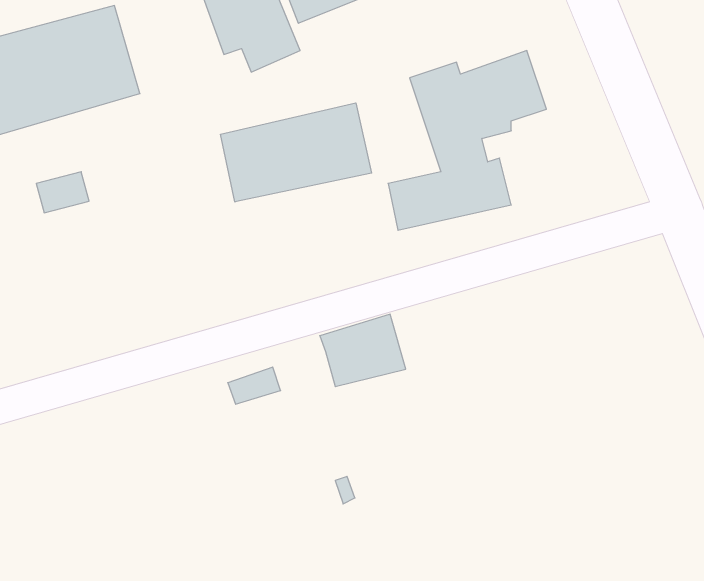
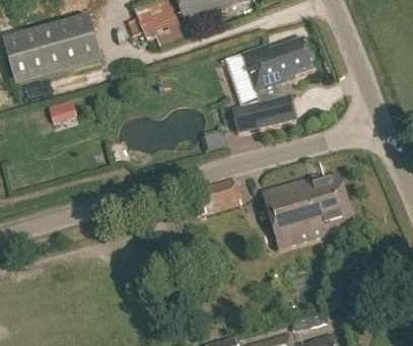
building: [221,103,372,202] -> none
building: none -> [262,171,354,246]

